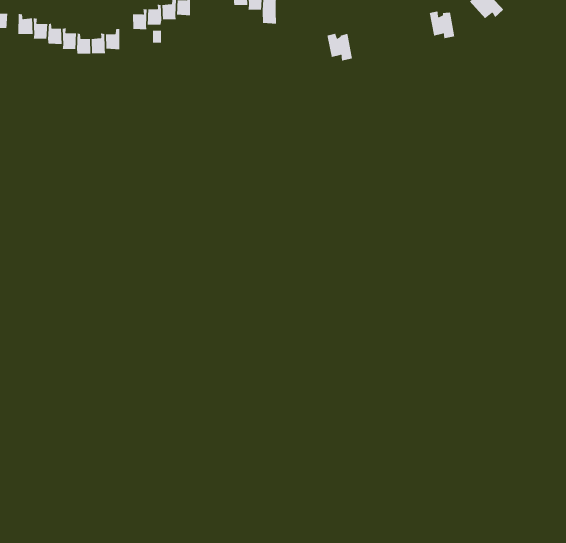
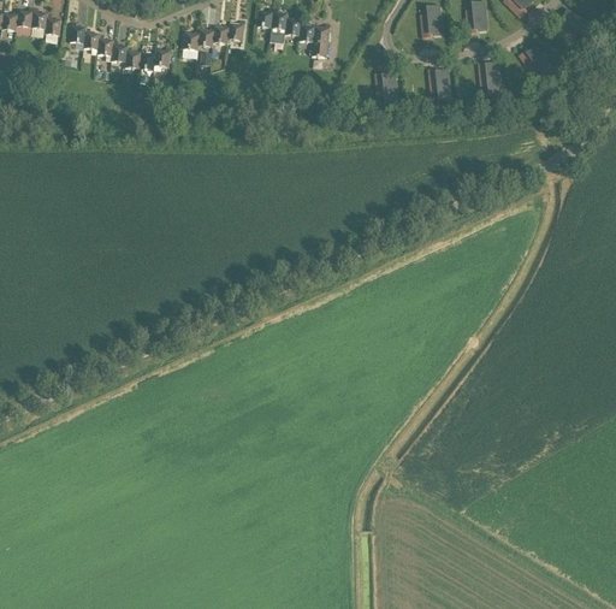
building: none -> [428,69,452,97]

